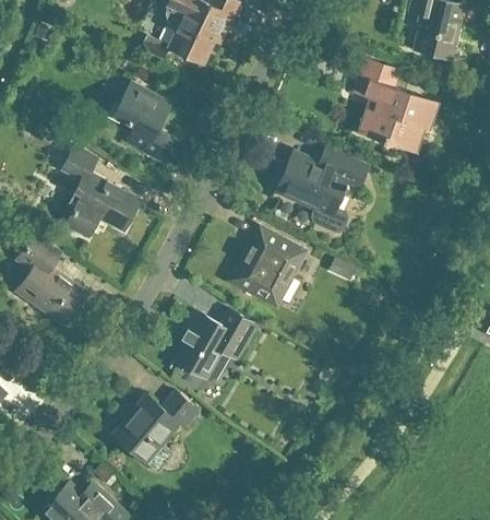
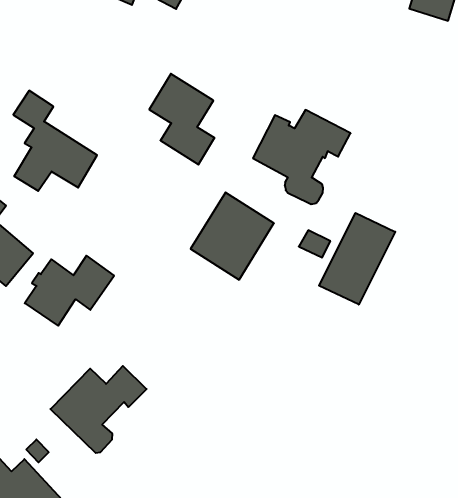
building: [355,57,435,152] -> none
building: [112,80,174,161] -> [149,74,215,165]
building: none -> [319,213,395,305]
building: [176,309,255,375] -> [25,256,114,326]

